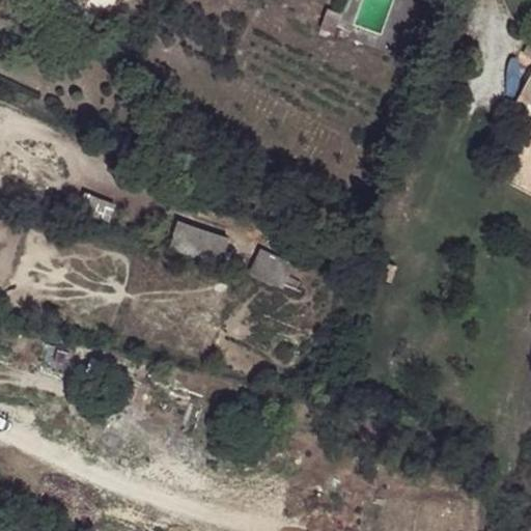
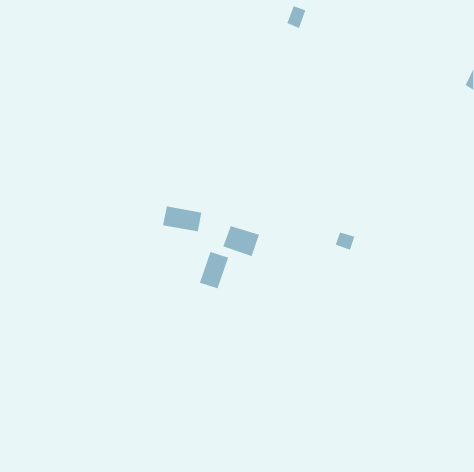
building: none -> [199,251,229,289]

